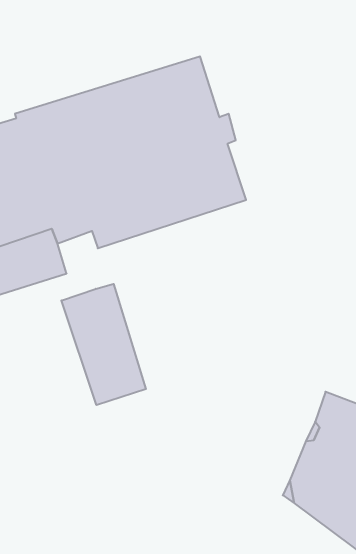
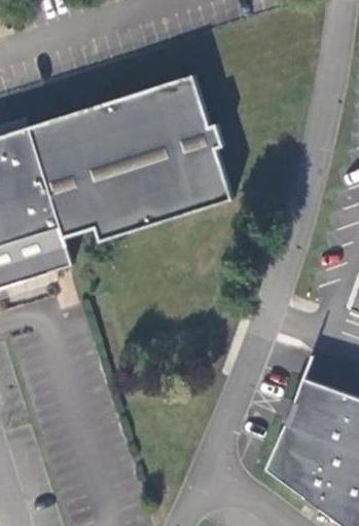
building: [61,284,146,405] -> none

